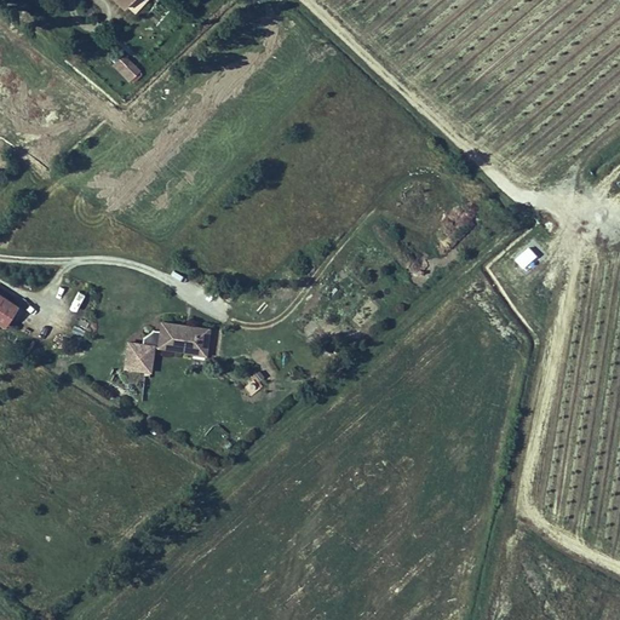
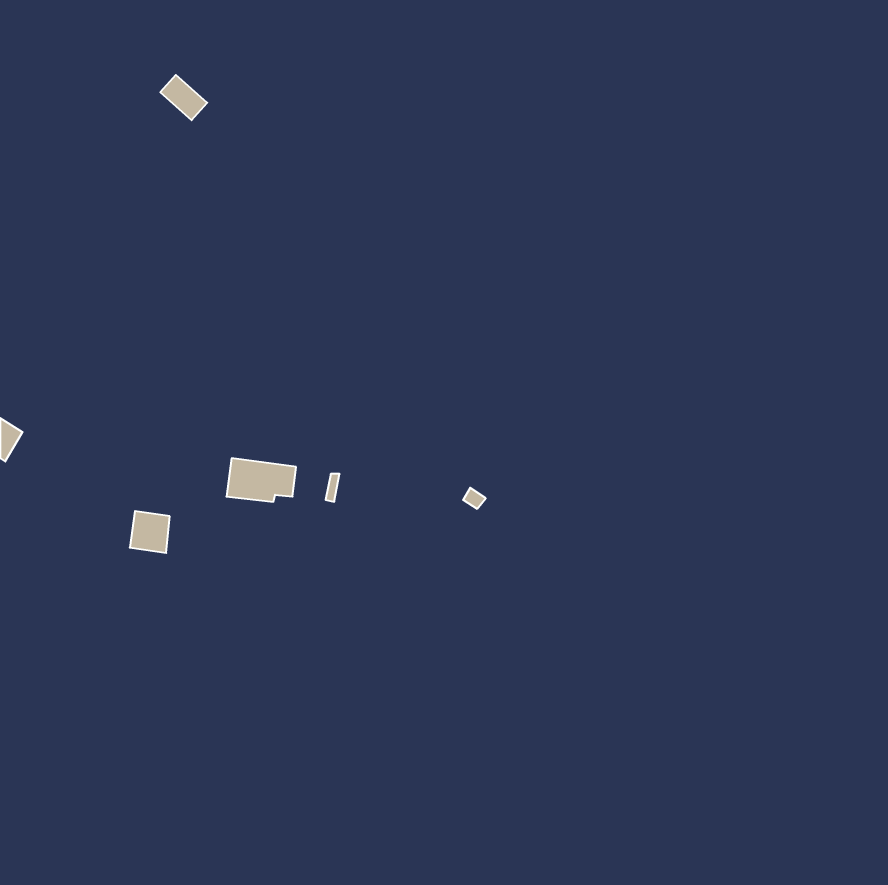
building: [126,344,154,373] -> [130,511,170,553]

